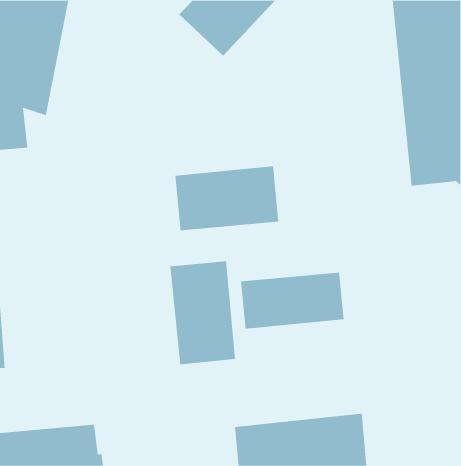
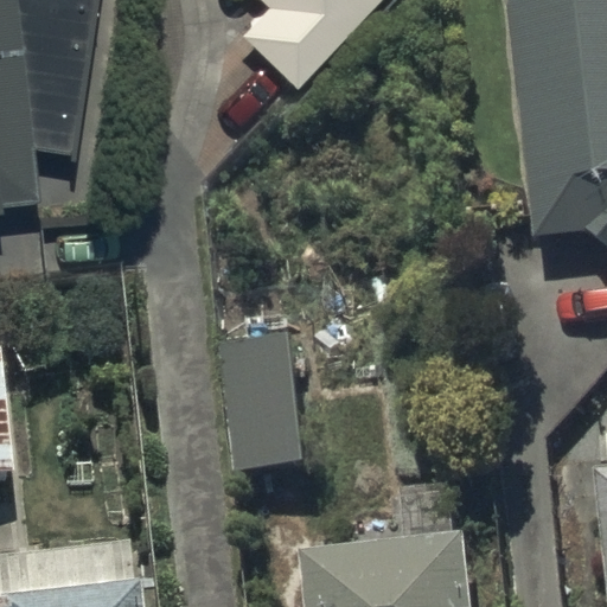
building: [175,165,279,231] -> none
building: [241,272,344,330] -> none

